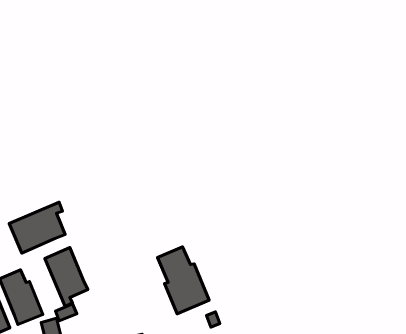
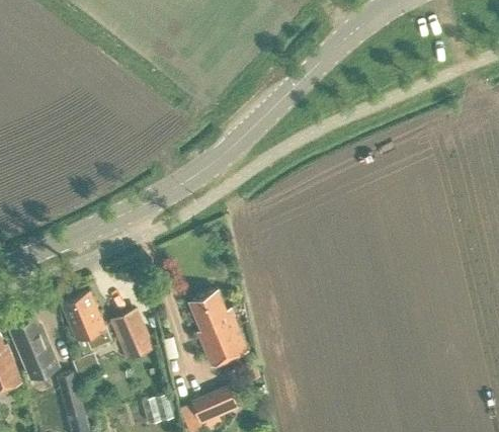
building: [9,202,65,253] -> none
building: none -> [110,310,154,362]

